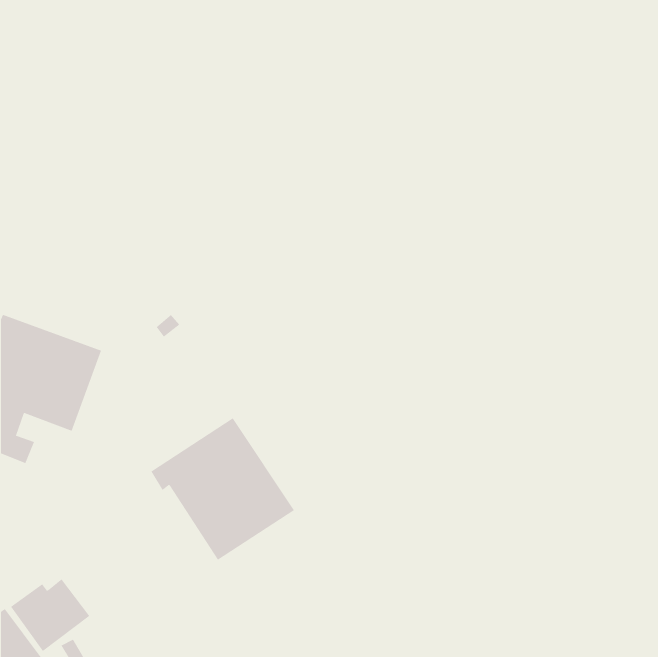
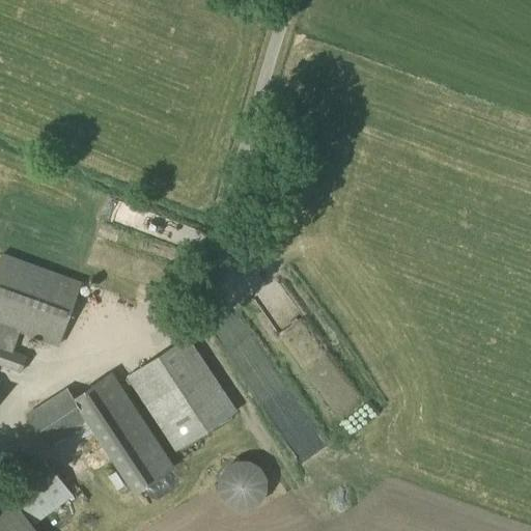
building: none -> [24,372,175,495]
building: none -> [216,459,267,511]

